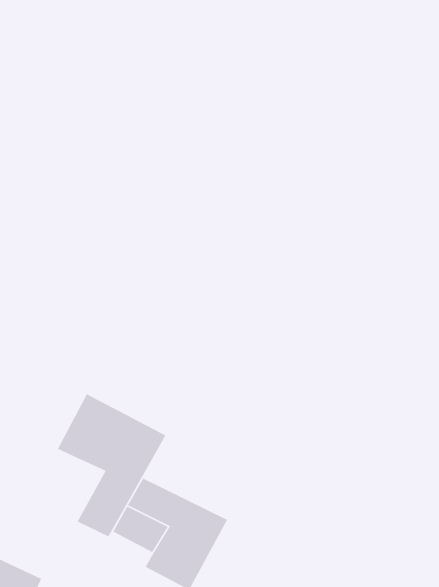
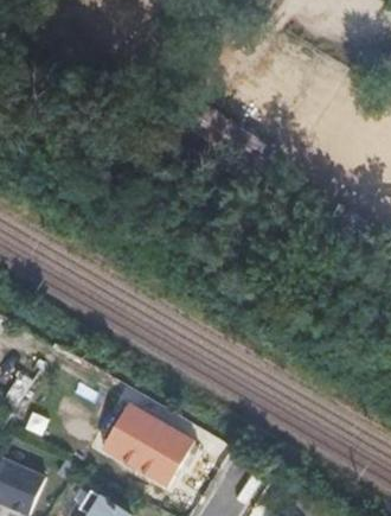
building: [57,393,167,537] -> none

